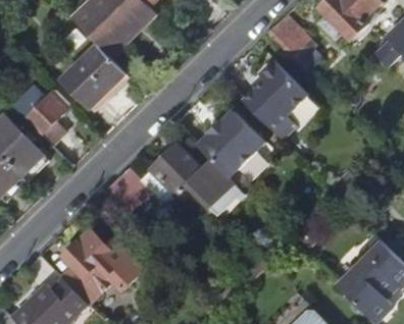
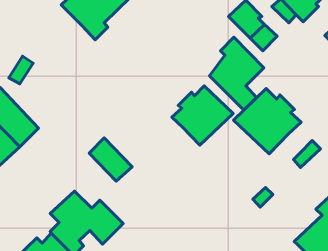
building: [61,43,128,109] -> none
building: [23,88,68,131] -> none
building: none -> [233,88,301,154]
building: [138,143,236,211] -> none

